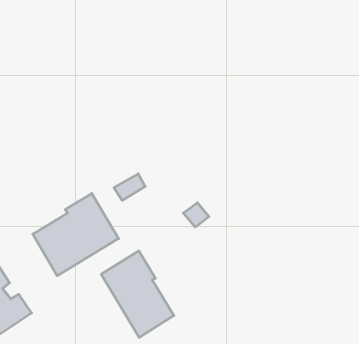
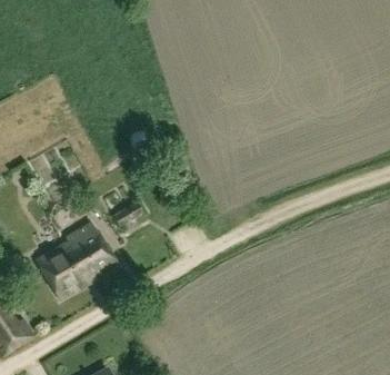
building: [101,251,174,337] -> none

